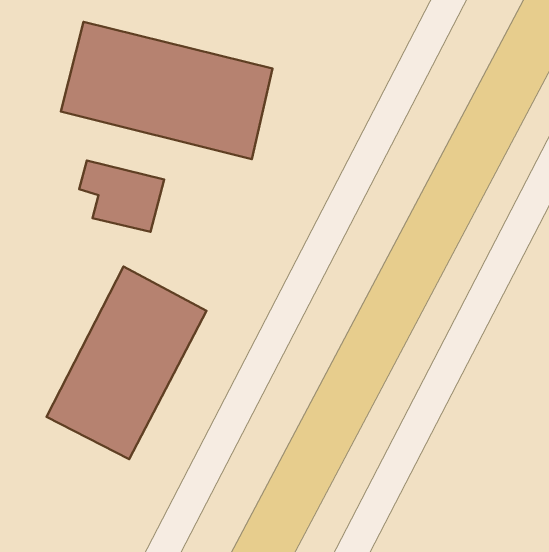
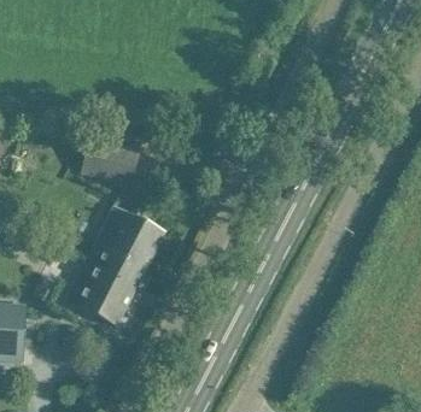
building: [61,22,273,159] -> none

